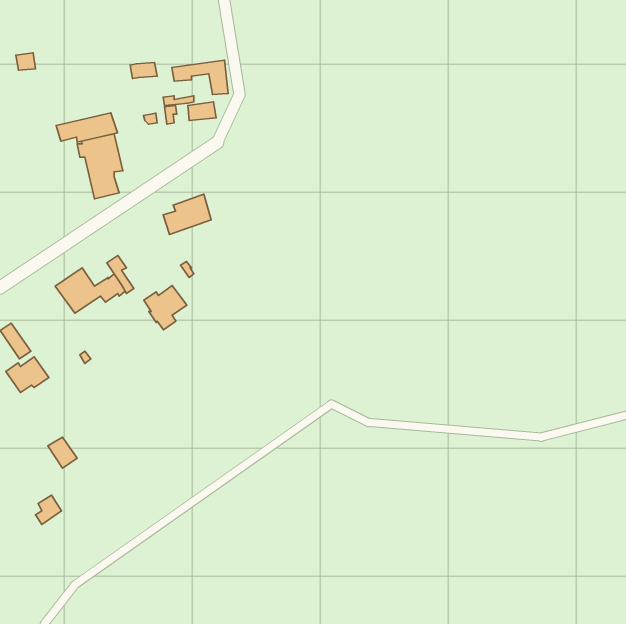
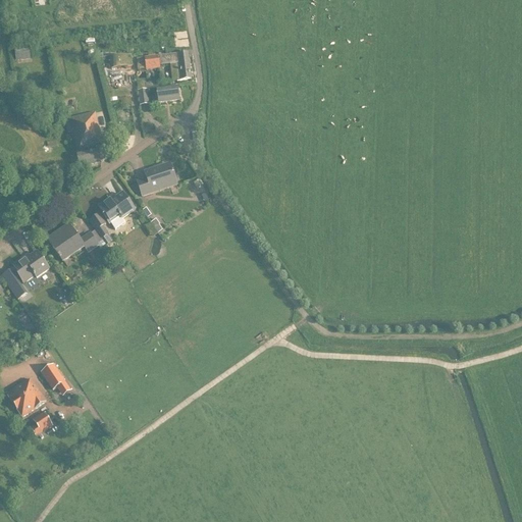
building: [56,113,118,142] -> none
building: [144,286,187,330] -> [99,192,135,228]
building: [6,357,49,392] -> [13,251,49,280]
building: none -> [6,377,46,415]

